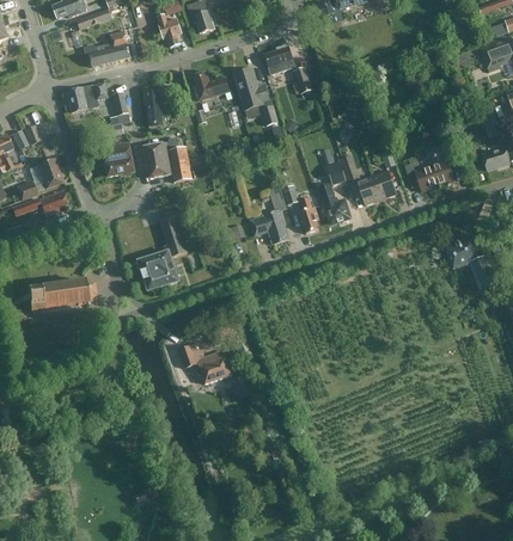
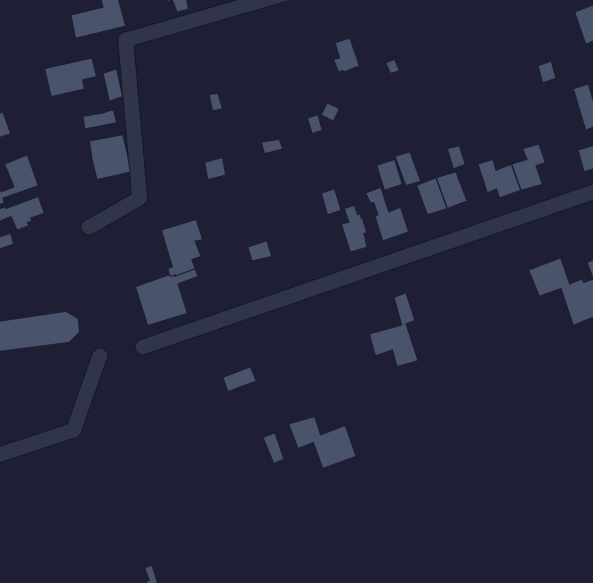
building: [263,44,294,74] -> none
building: [234,69,277,125] -> none
building: [193,72,230,100] -> none
building: [142,86,165,127] -> none
building: [143,137,193,185] -> none
building: [250,186,288,244] -> [369,293,418,367]
building: [178,343,231,383] -> [289,416,356,469]

